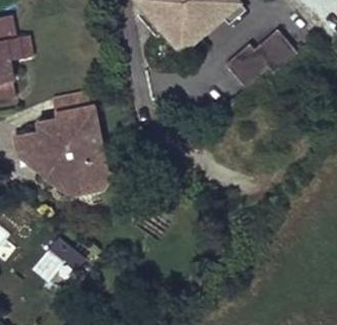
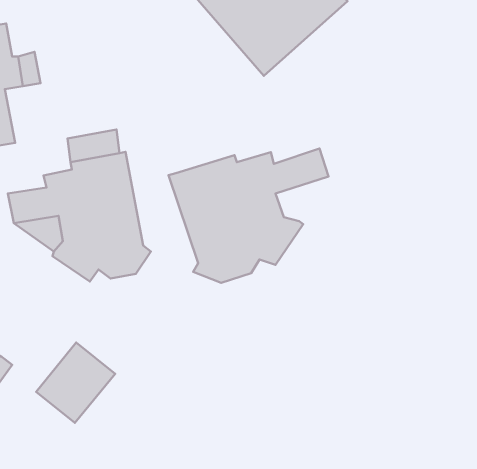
building: [226,30,298,88] -> none
building: none -> [169,148,328,283]

